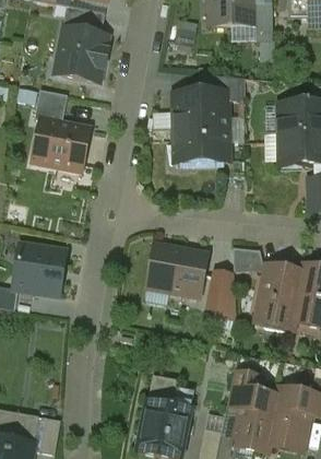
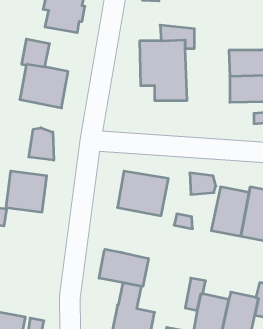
building: none -> [29,128,54,160]
building: [207,271,234,308] -> none
building: none -> [99,249,148,286]

